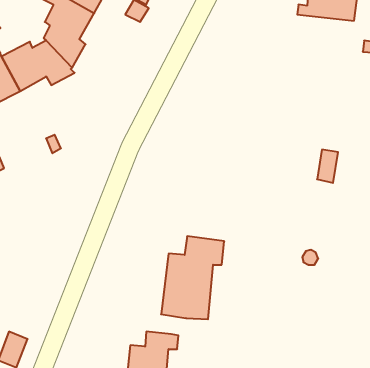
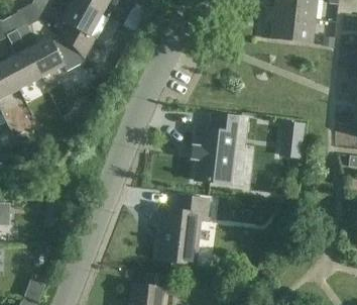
building: none -> [267,14,315,42]
building: none -> [194,114,242,184]

